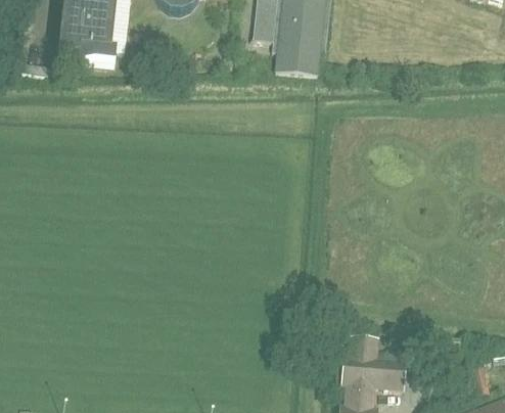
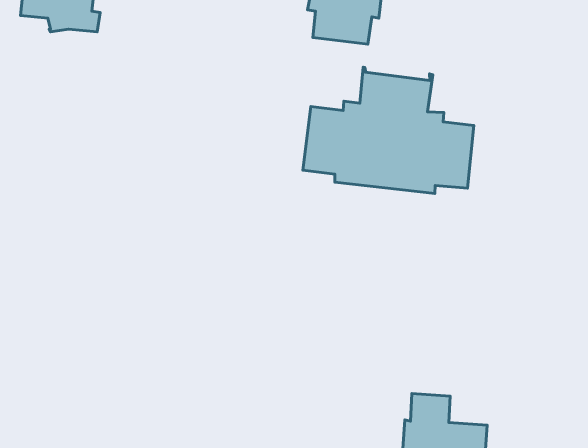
building: none -> [303,67,474,194]

